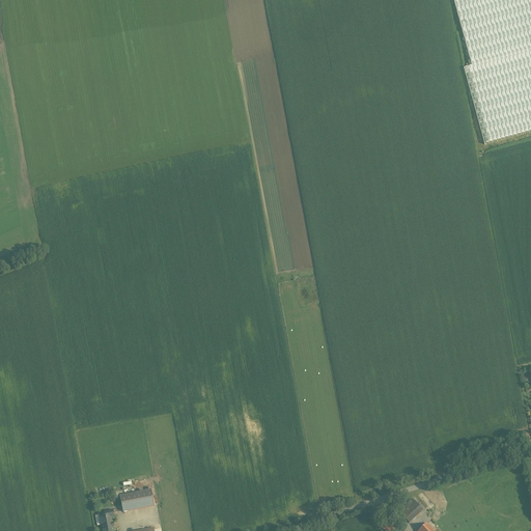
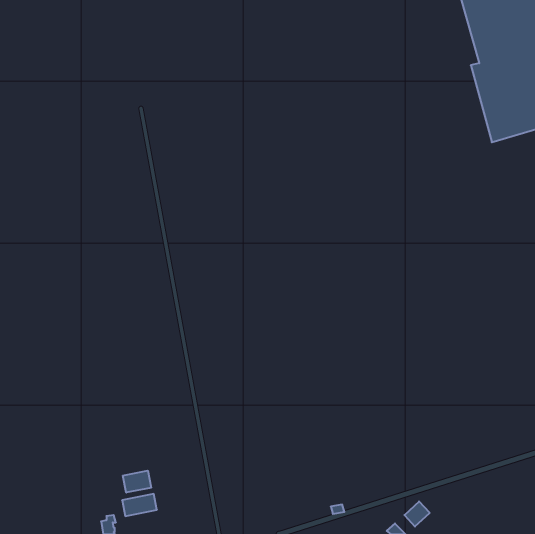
building: none -> [123,471,151,493]

